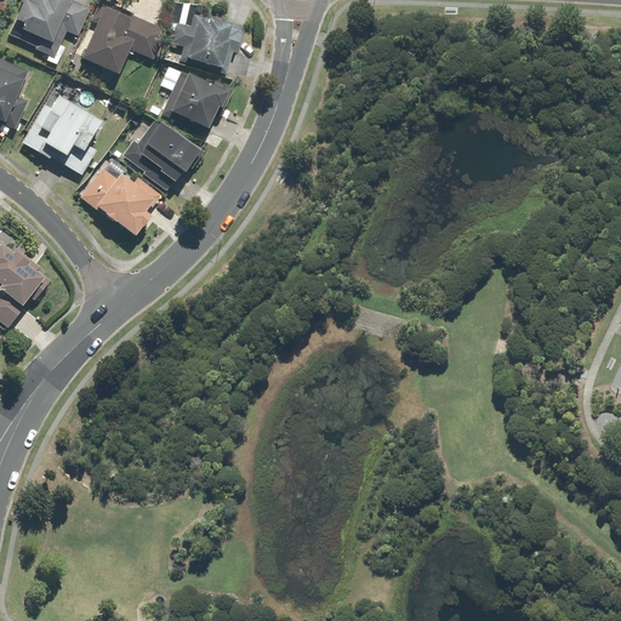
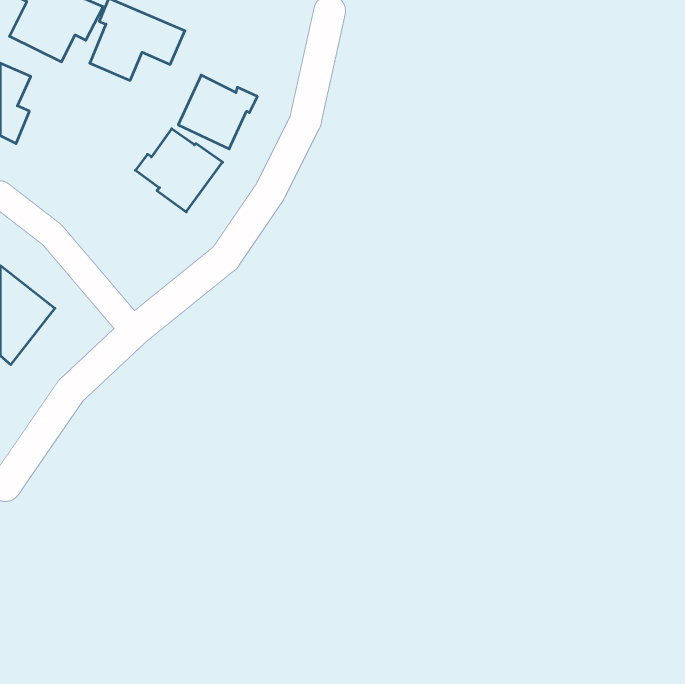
building: [169,10,244,73] -> none
building: [21,93,101,177] -> none
building: [79,166,163,235] -> none

